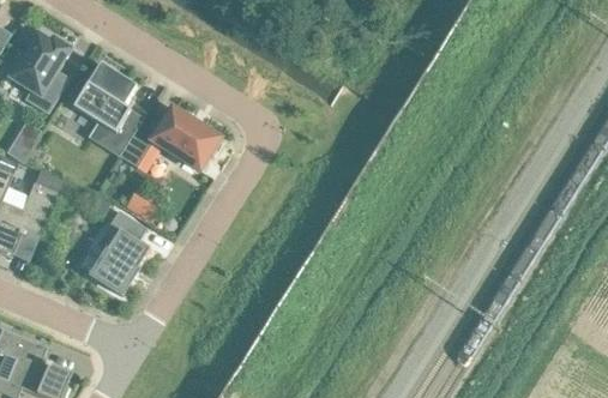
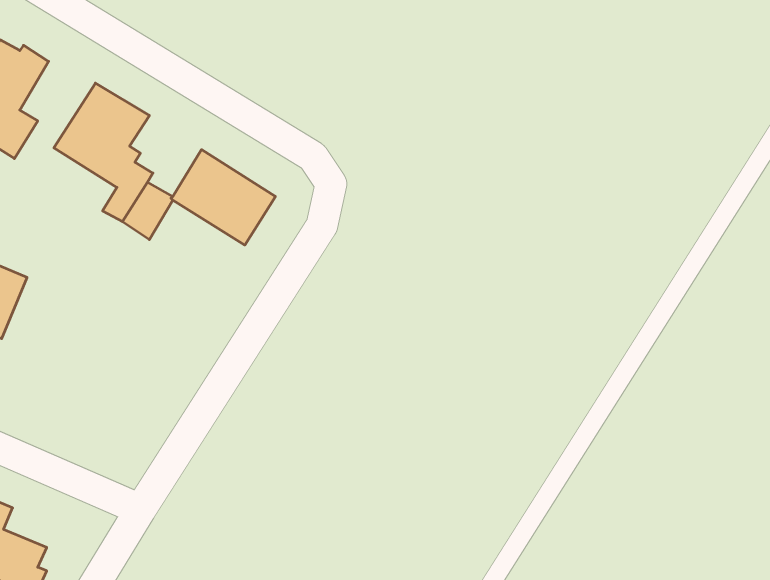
building: [90,207,150,293] -> none

